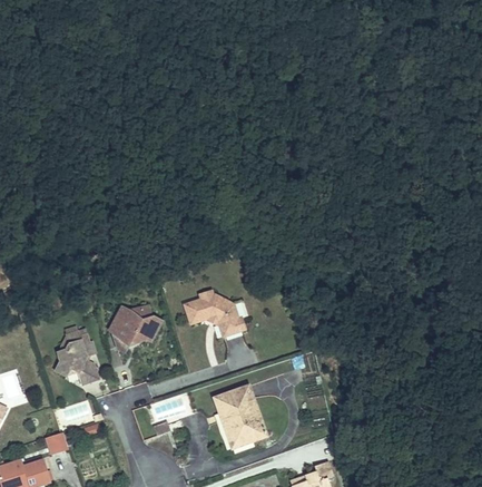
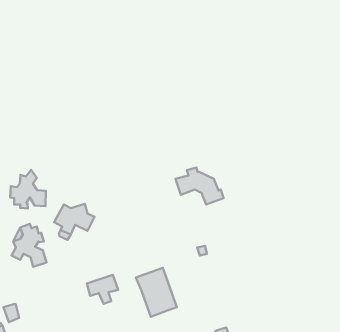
building: none -> [10,170,46,208]
building: [185,290,246,337] -> [175,168,224,204]

